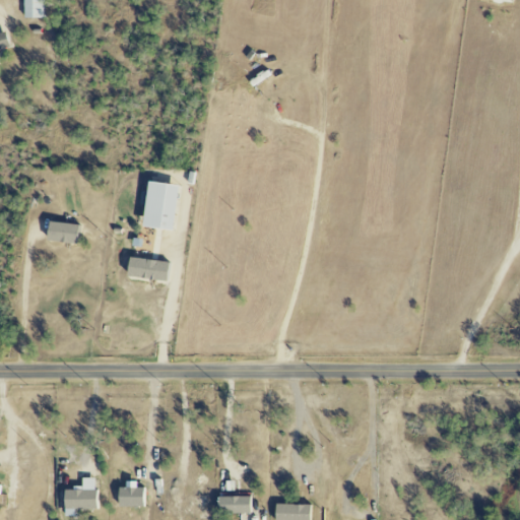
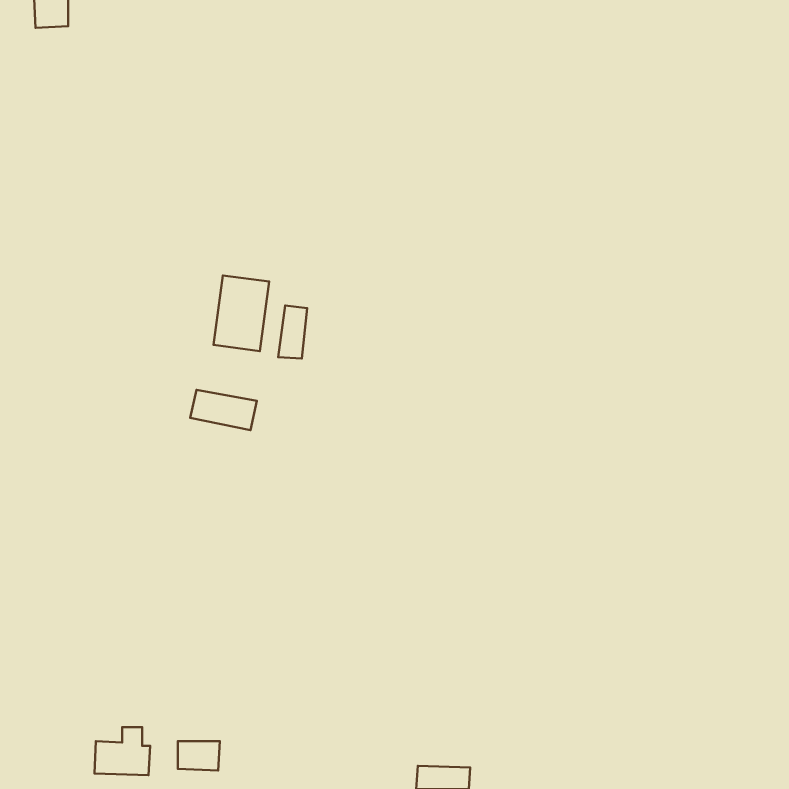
building: none -> [278,305,307,358]
building: [46,220,78,244] -> none
building: [216,495,250,513] -> none

